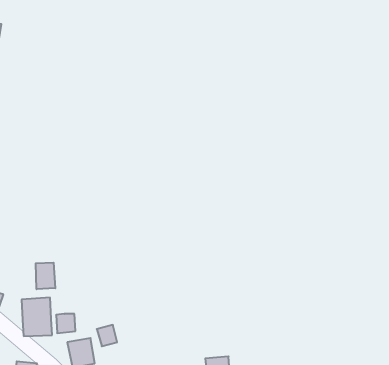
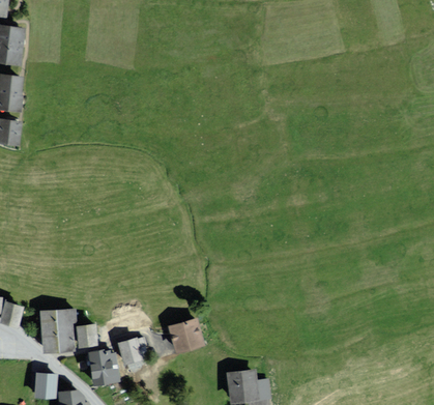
building: [36,263,55,289] -> none
building: none -> [171,320,200,348]

